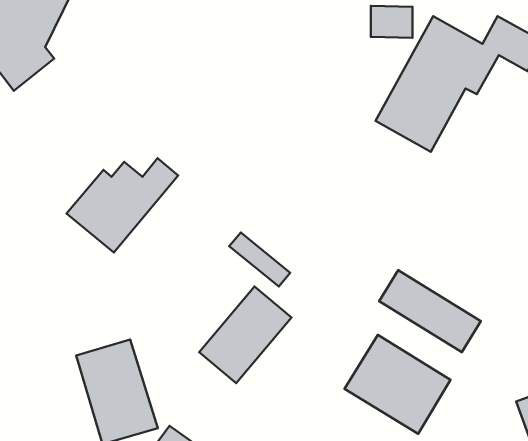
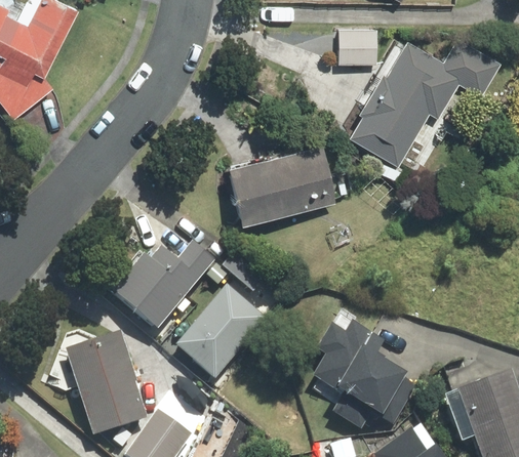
building: none -> [219,148,329,226]
building: [67,158,178,253] -> [116,245,215,329]
building: [379,270,481,352] -> none

